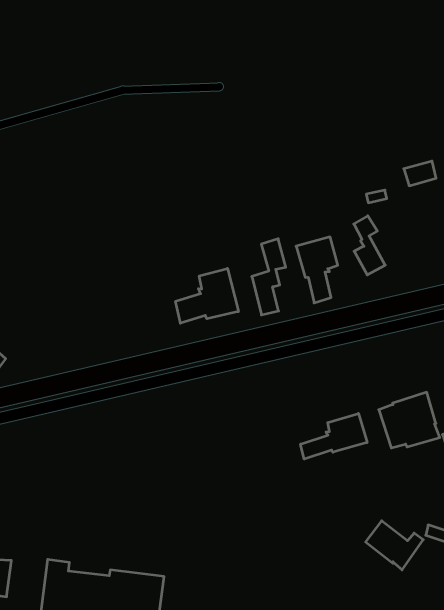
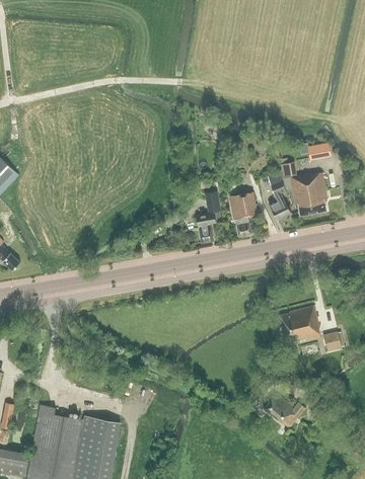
building: none -> [290,172,327,216]
building: [176,268,238,323] -> none
building: [301,413,367,459] -> none

